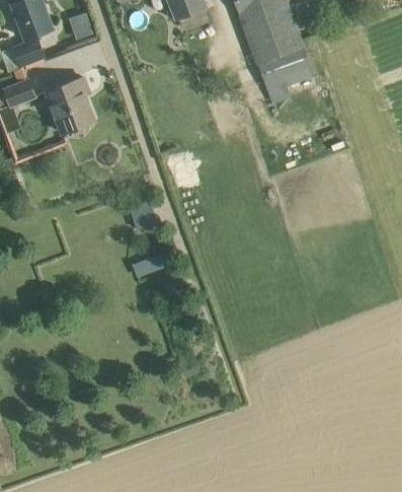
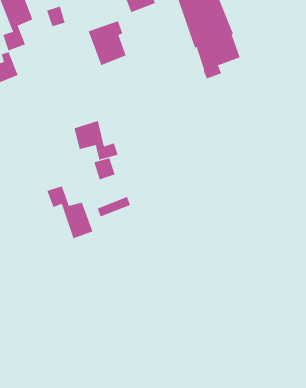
building: [45,76,93,133] -> [88,21,127,66]
building: none -> [74,120,118,160]
building: none -> [46,185,93,239]

